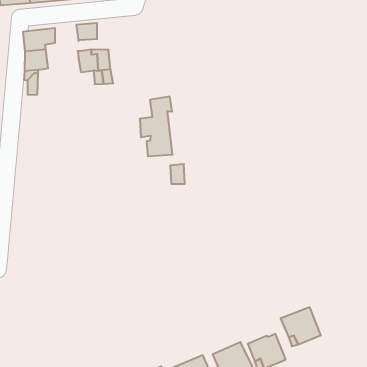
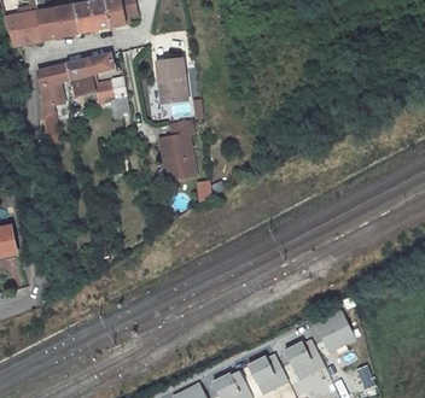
building: none -> [69,54,95,92]
building: none -> [152,55,190,103]

